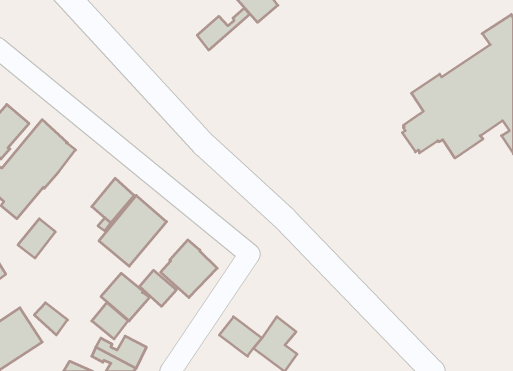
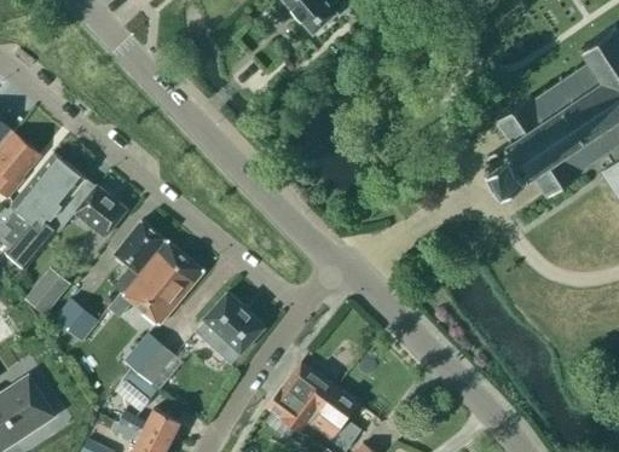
building: [197,8,250,50] -> none
building: none -> [74,185,127,237]
building: [140,270,176,306] -> none
building: none -> [283,361,334,411]
building: [34,303,68,335] -> [57,301,97,340]

